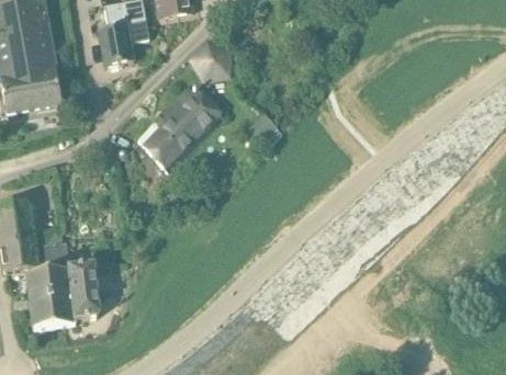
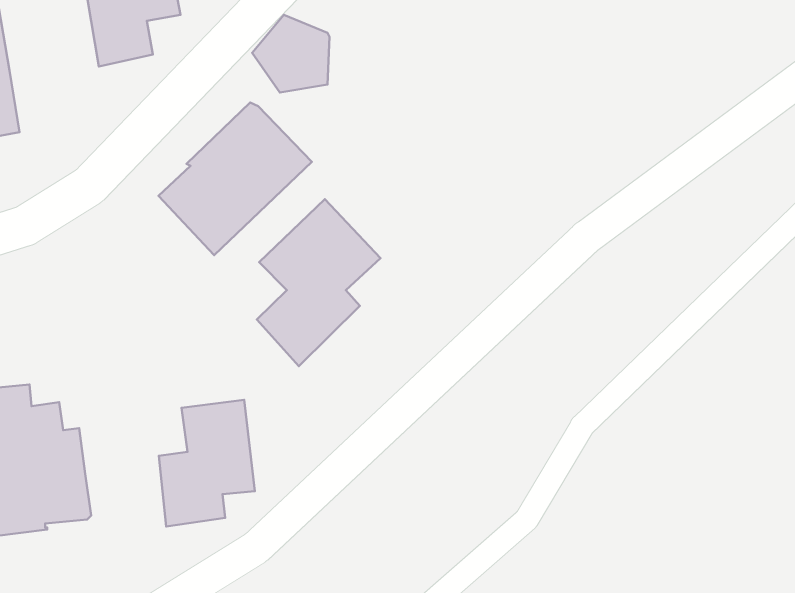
building: none -> [257,199,380,366]
building: none -> [159,400,255,527]

